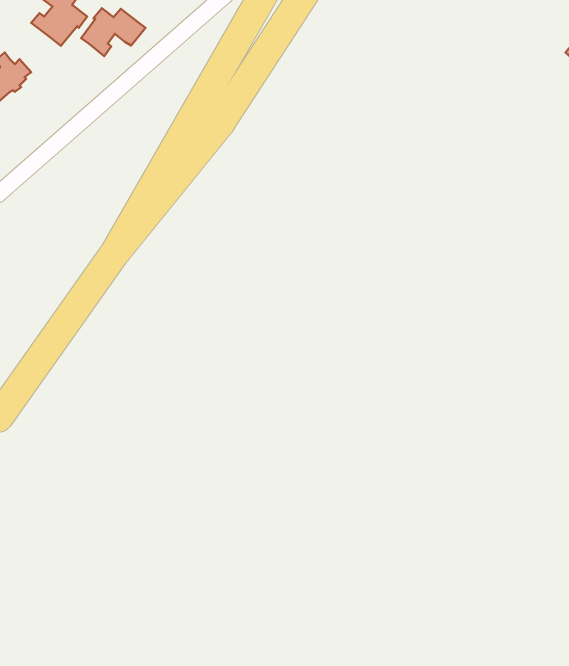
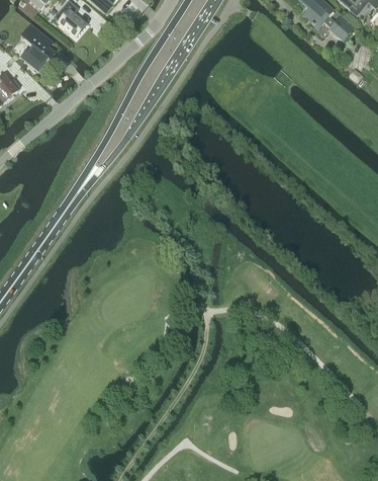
building: [81,8,145,56] -> none

